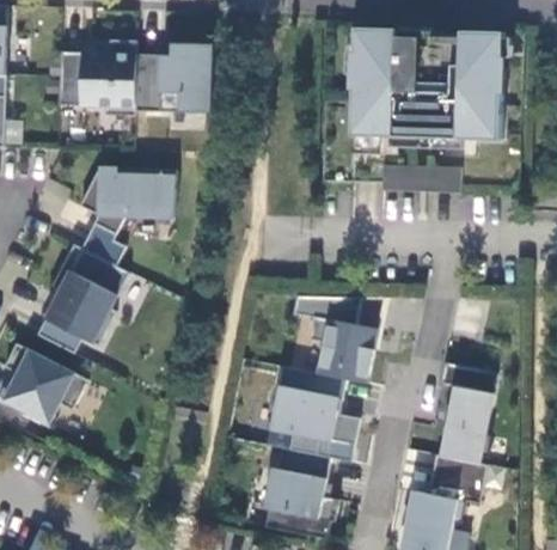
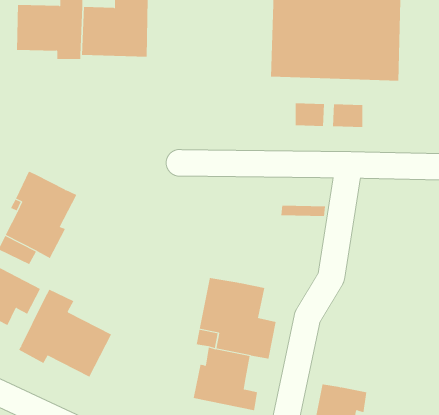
building: [78,167,175,265] -> none
building: [292,295,377,383] -> none
building: [433,362,496,503] -> none
building: none -> [18,289,112,378]

